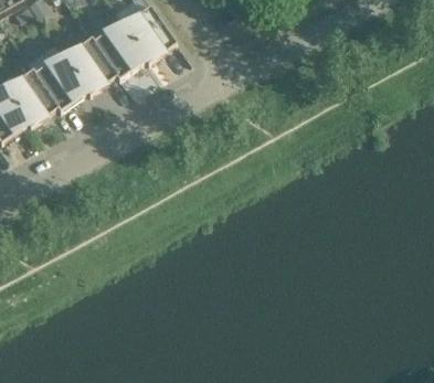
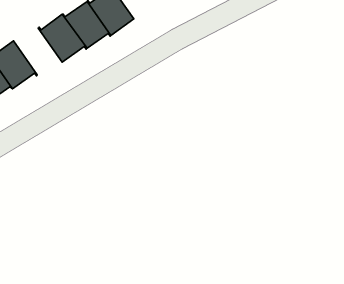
building: [27,54,85,110] -> none

